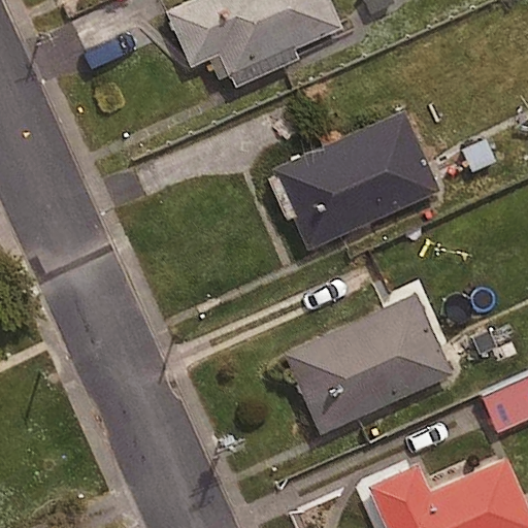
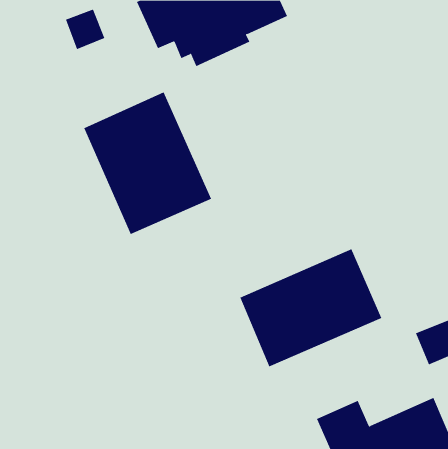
building: [275,111,437,246] -> none
building: none -> [83,92,212,235]

